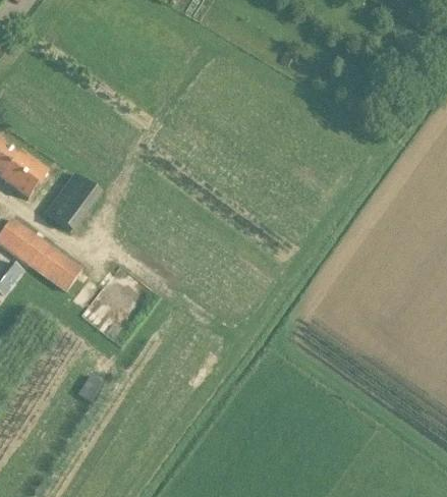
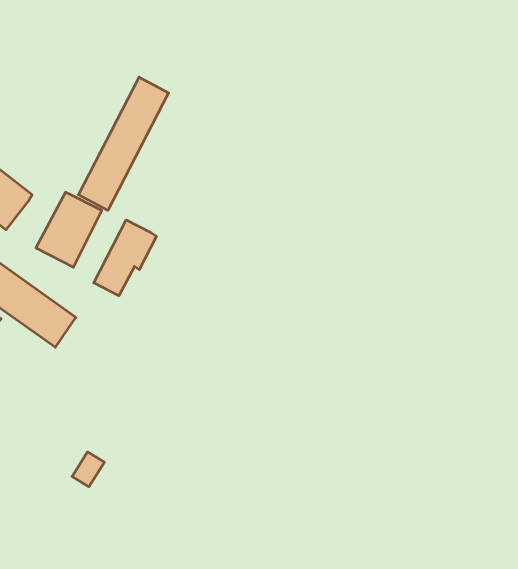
building: none -> [78,77,169,210]
building: none -> [94,220,156,296]

